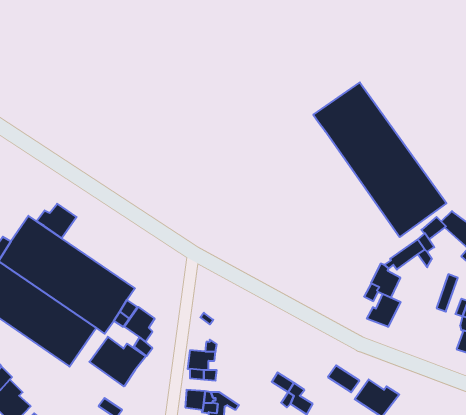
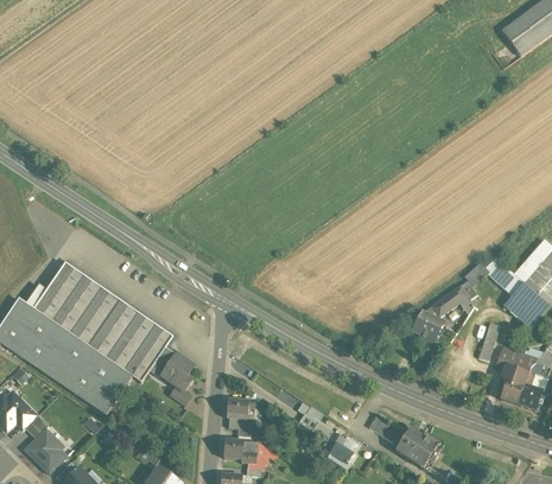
building: [313,82,446,237] -> none
building: [37,204,77,238] -> none
building: [367,294,401,327] -> none
building: [89,337,146,386] -> none

